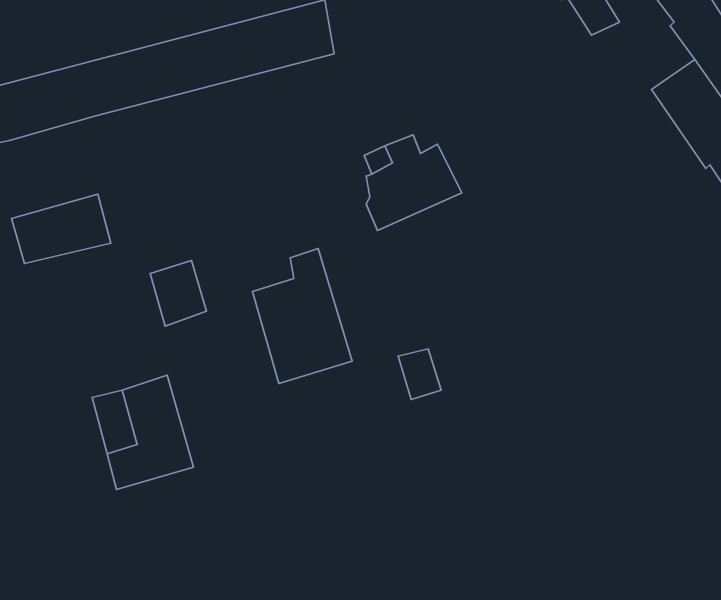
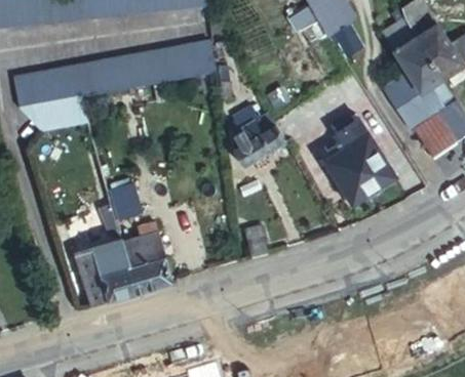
building: none -> [323,120,395,202]
building: [11,194,111,264] -> [32,99,86,137]
building: [252,248,352,384] -> [118,217,172,291]

